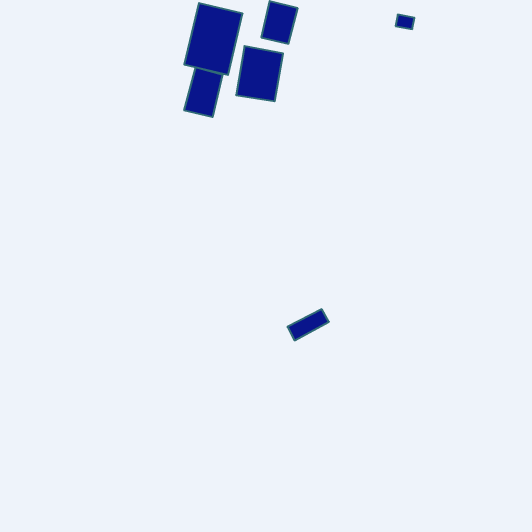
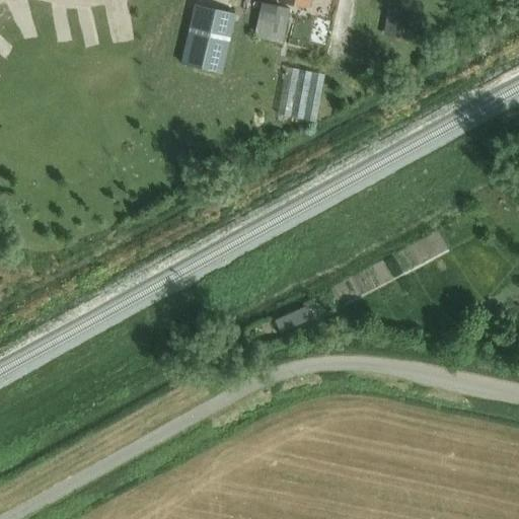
building: [236,46,283,101] -> [277,67,322,121]
building: [184,67,222,117] -> none

